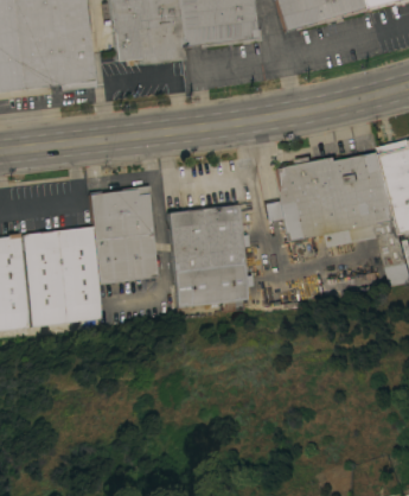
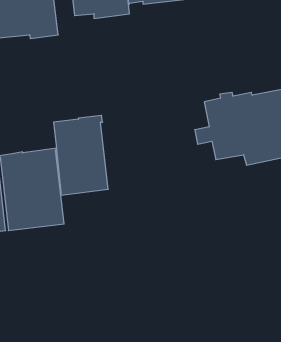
building: [167,204,248,313] -> none

